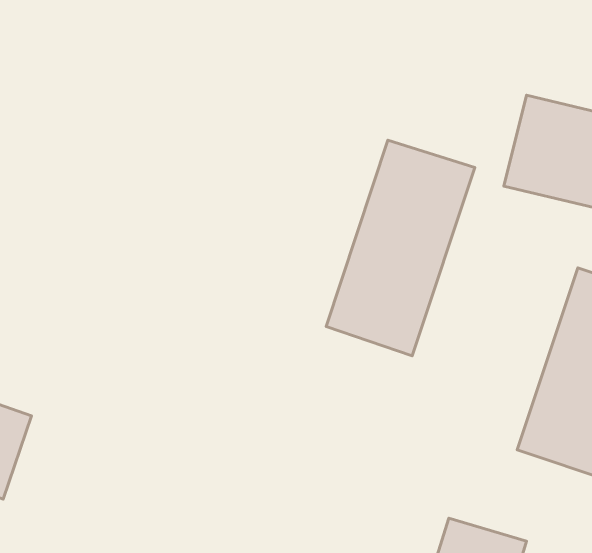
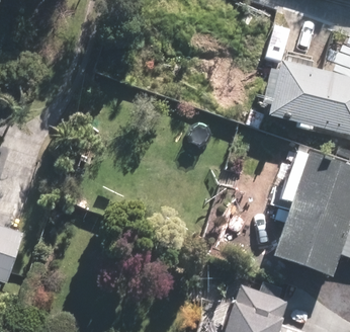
building: [326,140,475,356] -> none

